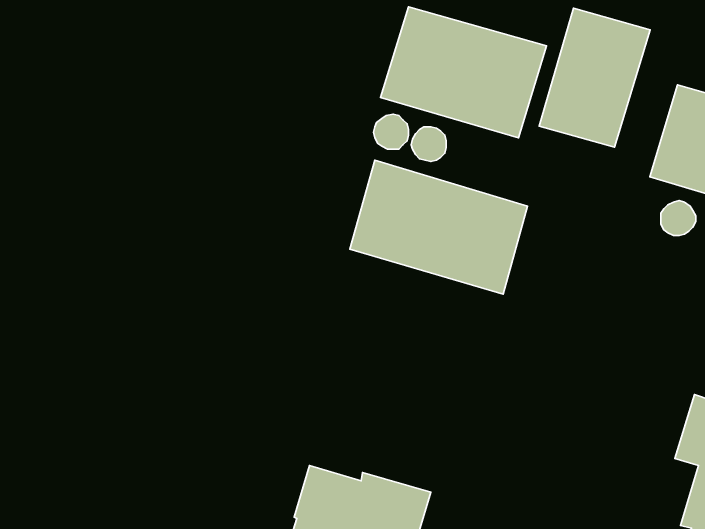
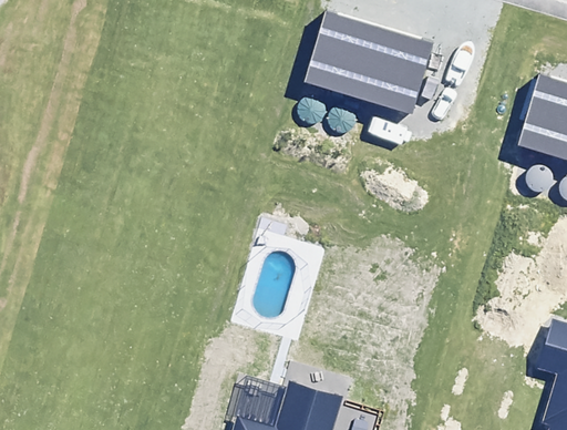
building: [539,8,650,147] -> none
building: [350,160,527,294] -> none

